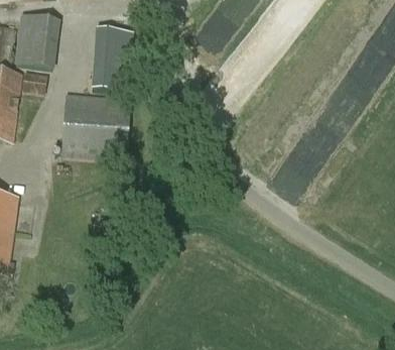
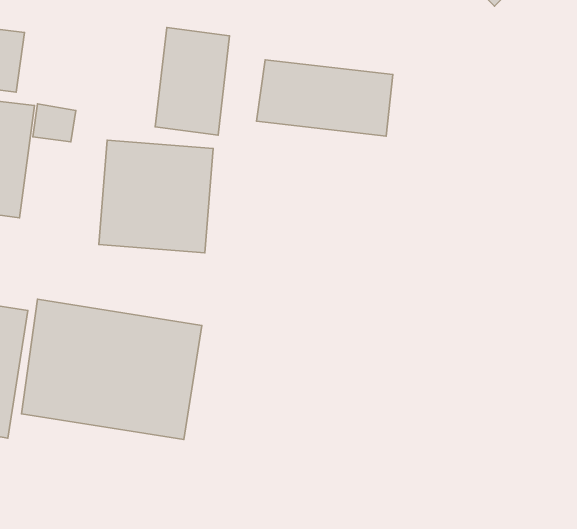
building: [14,13,59,68] -> none
building: none -> [257,60,393,136]
building: none -> [21,299,202,439]

